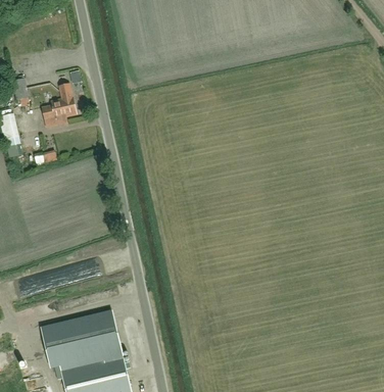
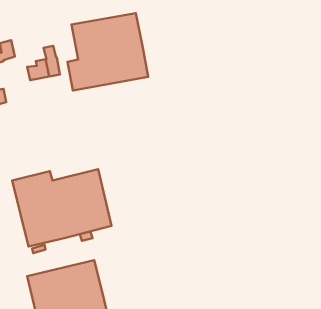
building: none -> [67,13,148,90]
building: none -> [12,169,112,246]

